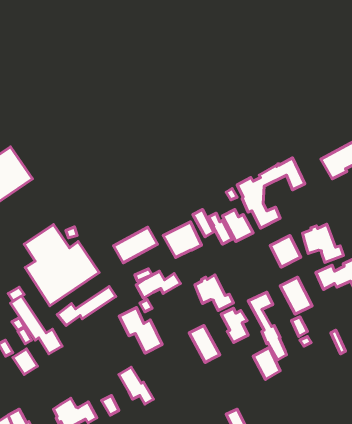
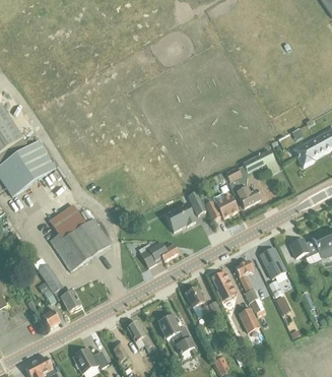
building: [303,224,343,262] -> none
building: [114,227,158,263] -> none
building: [270,235,301,267] -> none
building: [195,275,233,311] -> none
building: [57,286,116,326] -> none
building: [119,308,162,353] -> [157,315,193,353]

